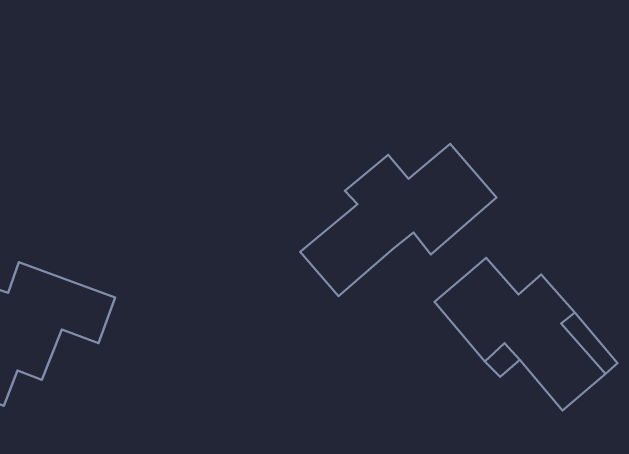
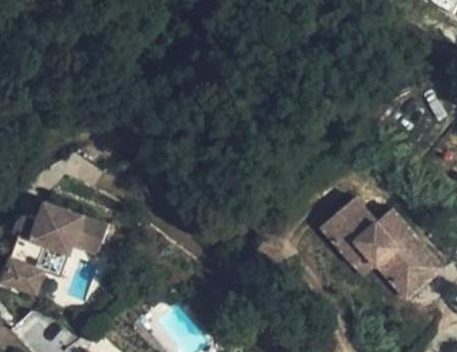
building: [300,144,496,296] -> none

